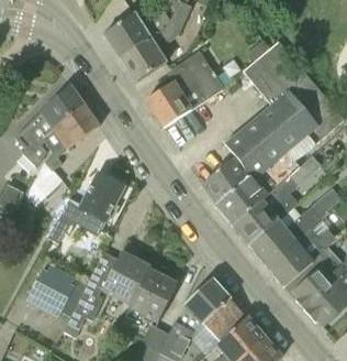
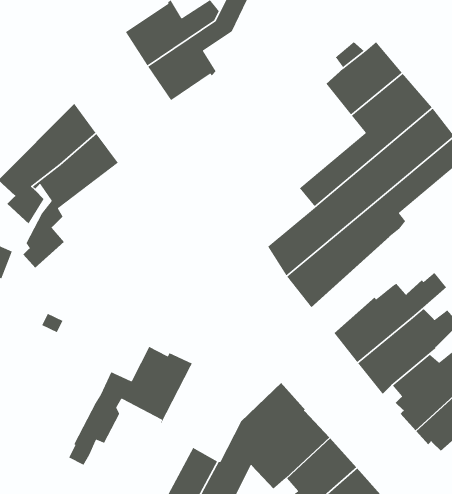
building: [146,51,224,128] -> none
building: [54,174,124,234] -> none
building: [234,177,298,244] -> none
building: [26,264,75,318] -> none
building: [130,267,177,322] -> none

